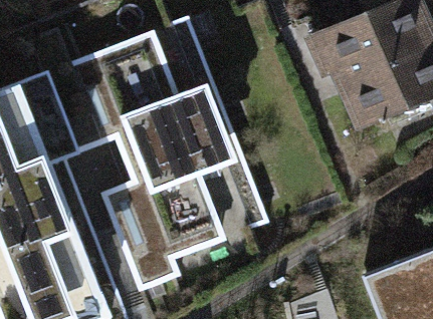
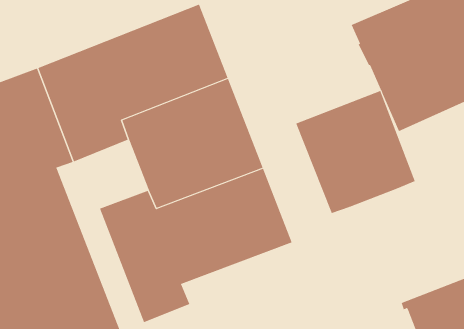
building: none -> [295,90,416,214]

